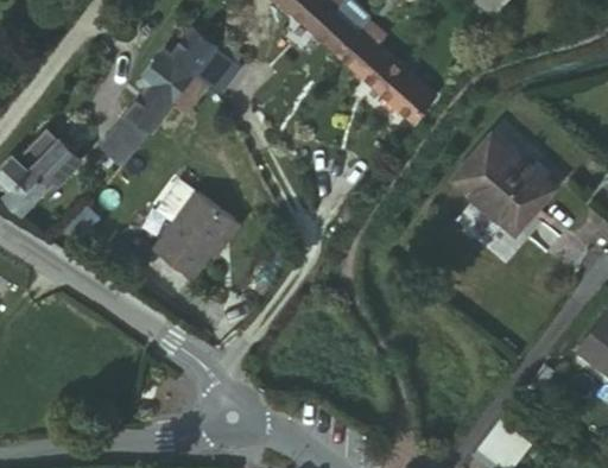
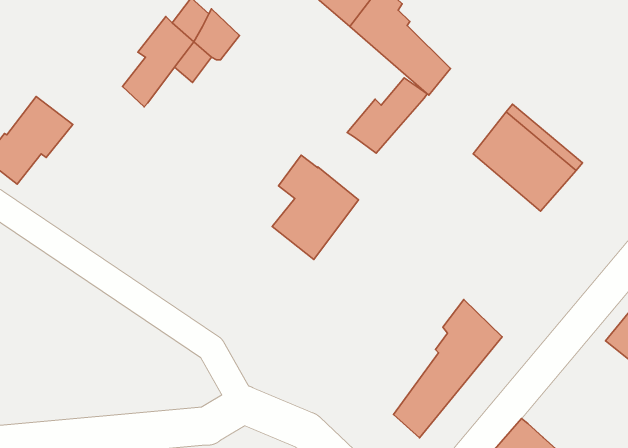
building: none -> [347,78,427,153]
building: [97,115,144,167] -> none
building: [160,184,241,282] -> [272,155,358,260]
building: none -> [394,300,502,438]

